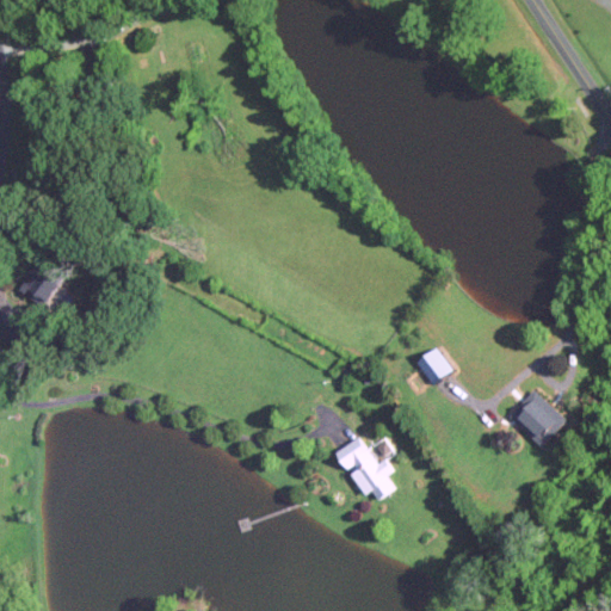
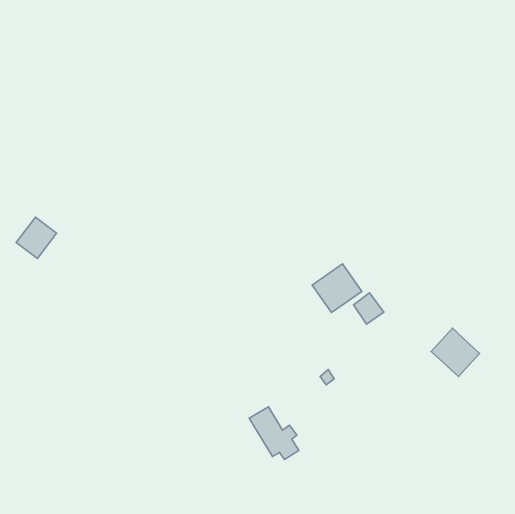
building: none -> [312,264,362,313]
building: [338,438,396,500] -> [249,407,299,459]

